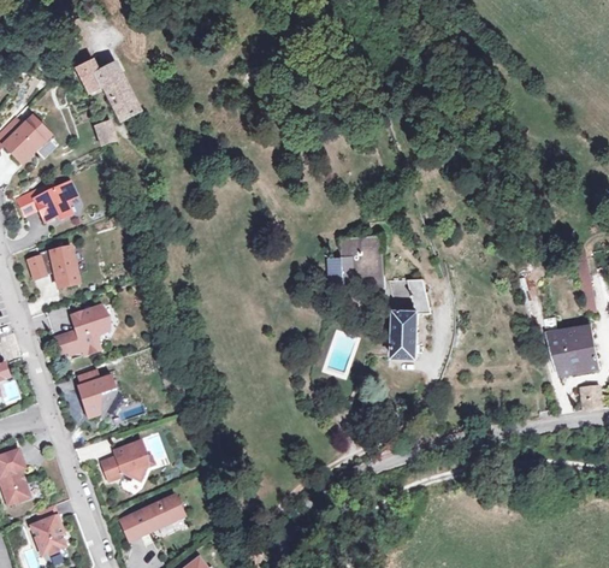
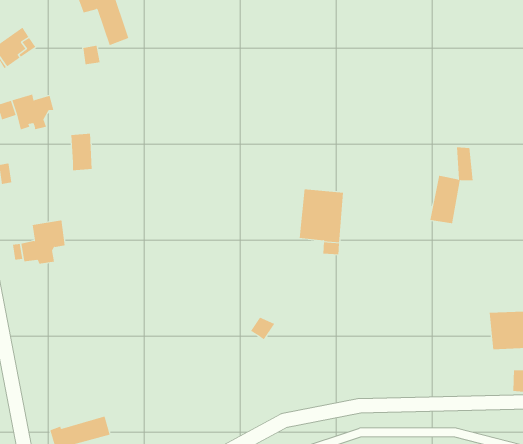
building: [51,247,78,288] -> [70,133,92,171]
building: [392,278,431,357] -> [429,147,474,224]
building: [77,369,116,419] -> none
building: [101,442,147,480] -> none

